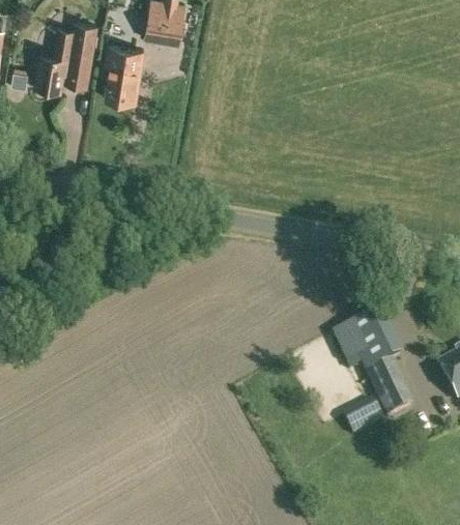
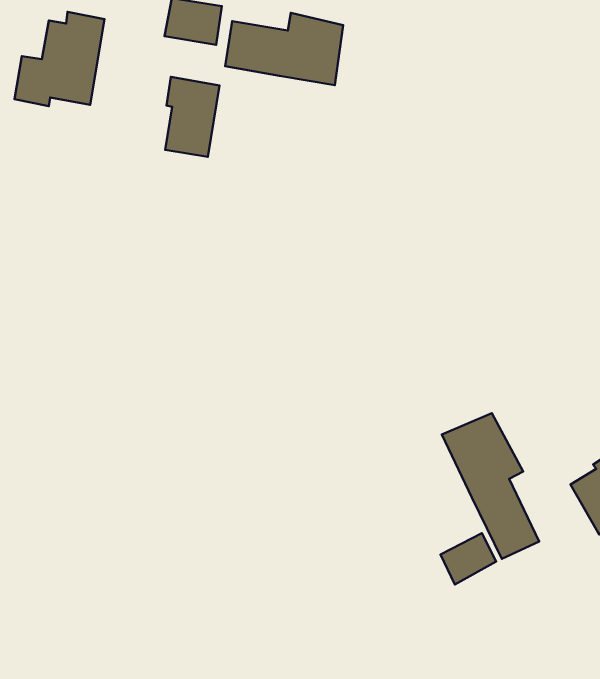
building: none -> [225,13,343,85]
building: [104,46,143,104] -> [165,77,219,157]

